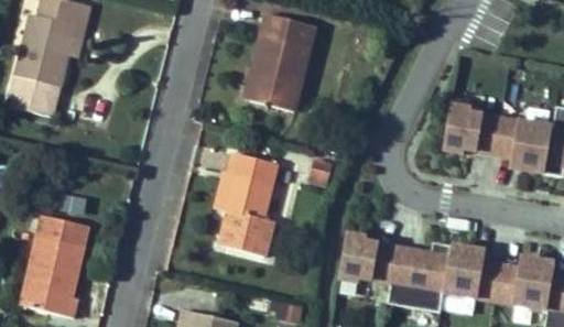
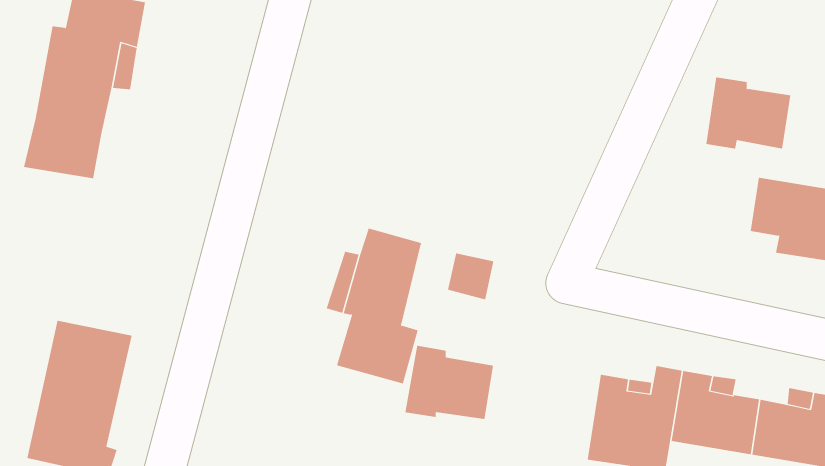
building: [246,12,317,110] -> none
building: [443,106,499,153] -> [705,77,791,149]
building: [337,233,395,282] -> [405,345,494,419]

